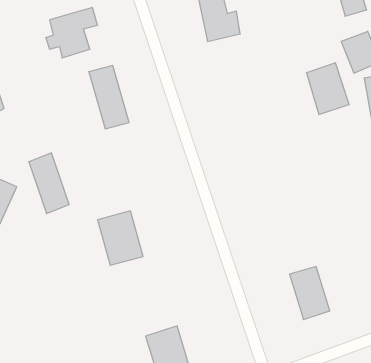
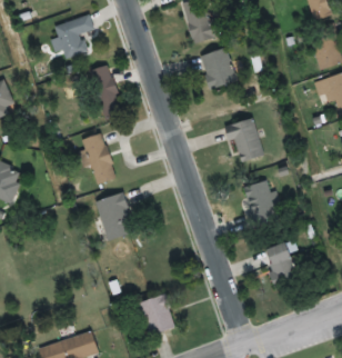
building: none -> [200,48,238,90]
building: [306,63,349,115] -> [228,118,265,163]
building: [29,153,69,214] -> [81,132,117,186]
building: none -> [243,180,281,227]

